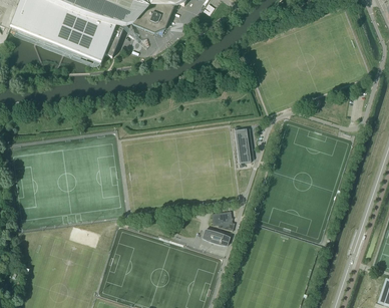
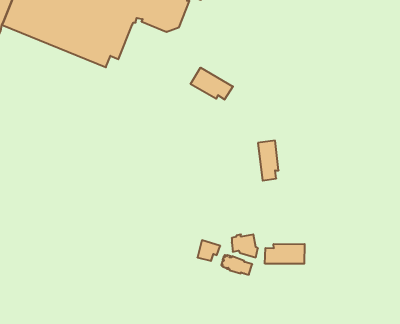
building: none -> [191,68,233,100]
building: none -> [265,244,305,264]

